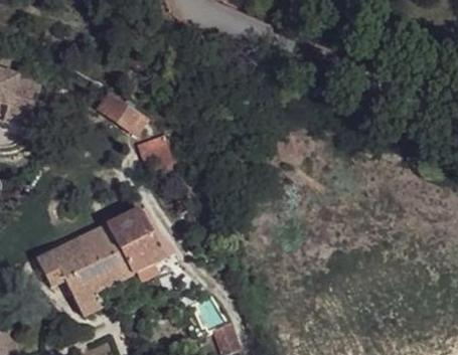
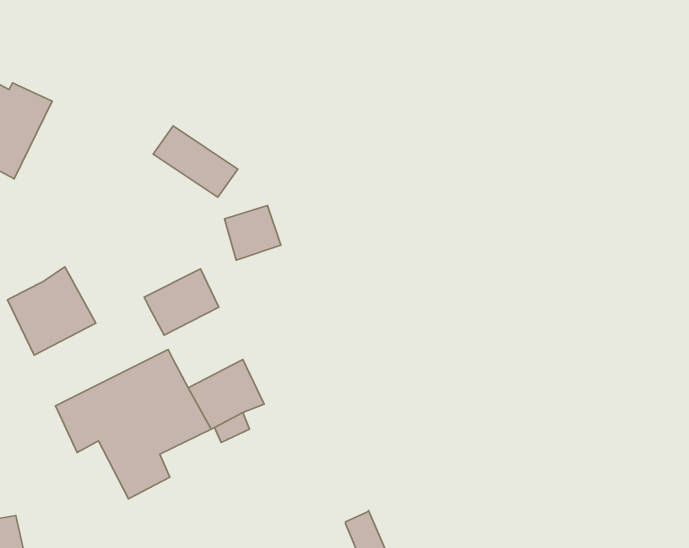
building: none -> [7,267,96,355]
building: [106,208,151,248] -> [144,269,219,335]

